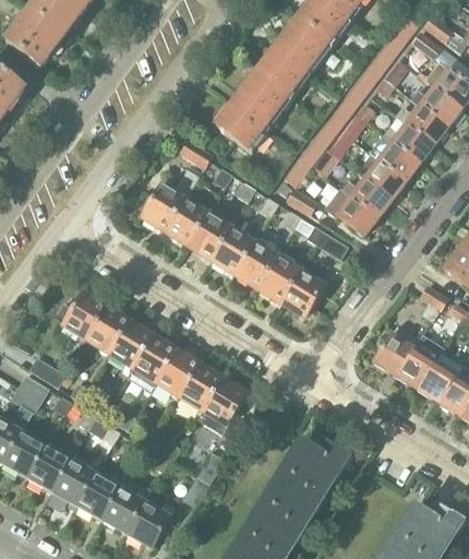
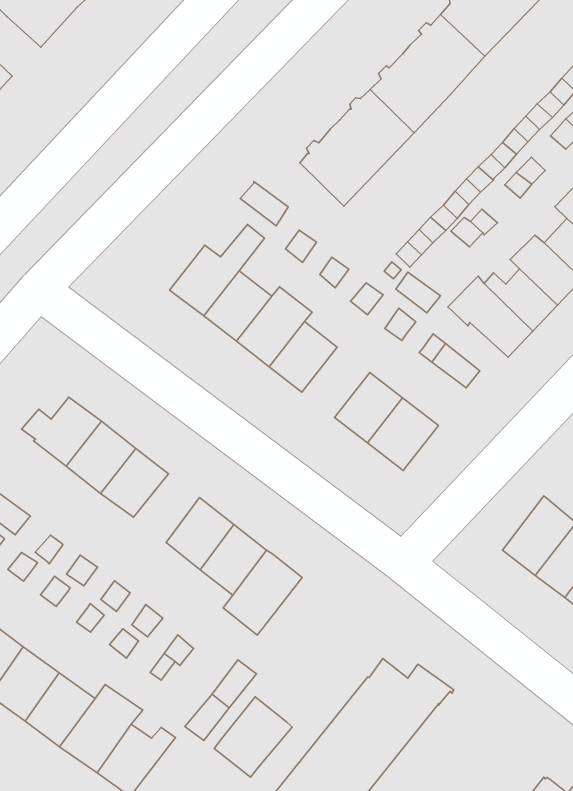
building: [233,233,281,287] -> none
building: [127,335,175,390] -> none
building: none -> [214,697,292,777]

